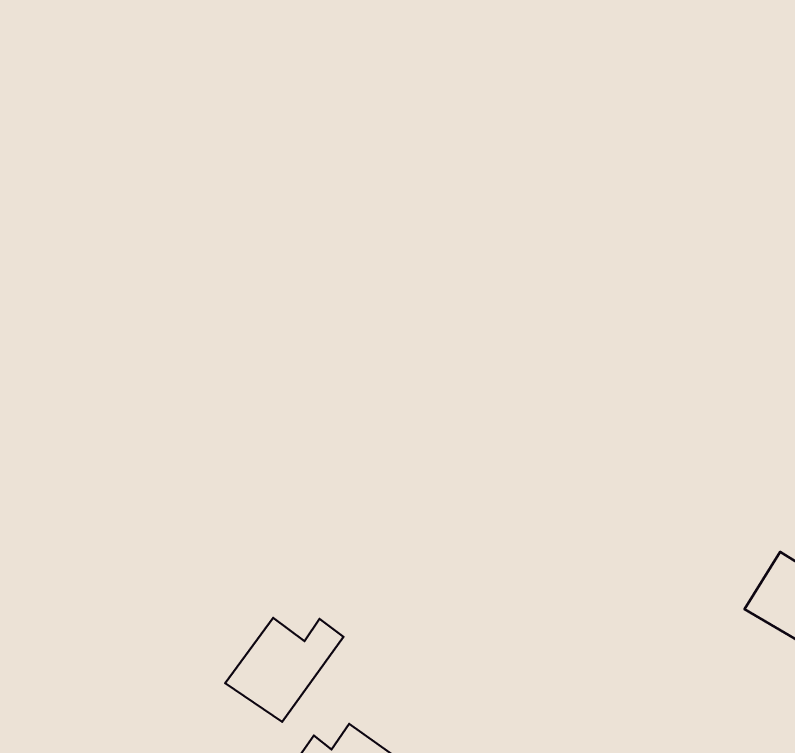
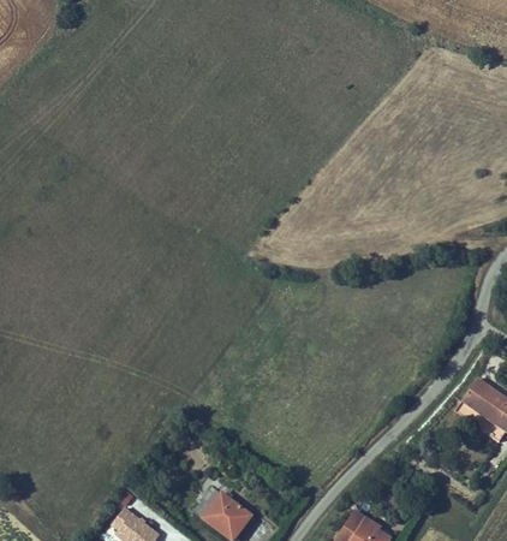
building: [225,618,344,722] -> none

